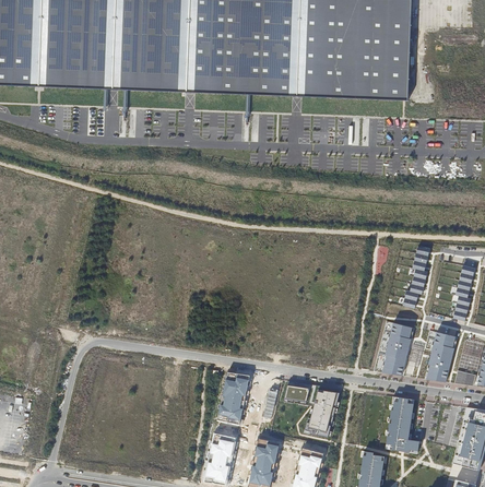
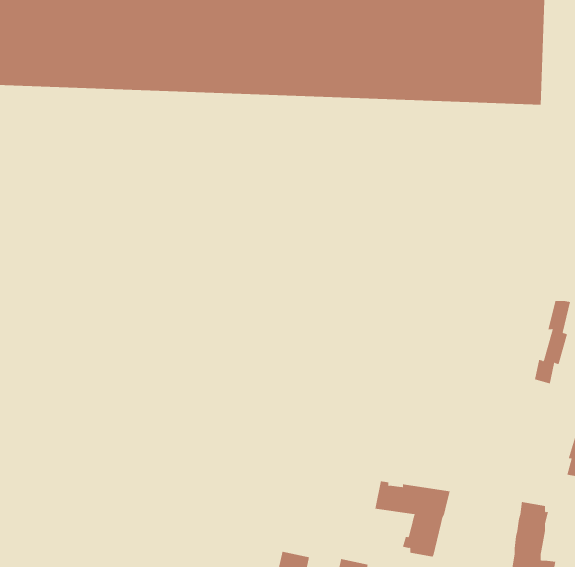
building: [383,322,413,370] -> none
building: [217,370,250,423] -> none

